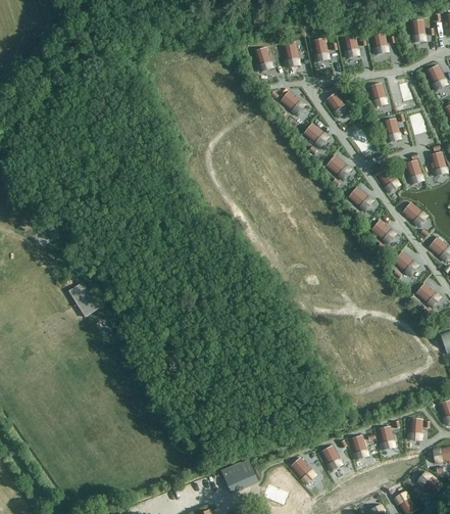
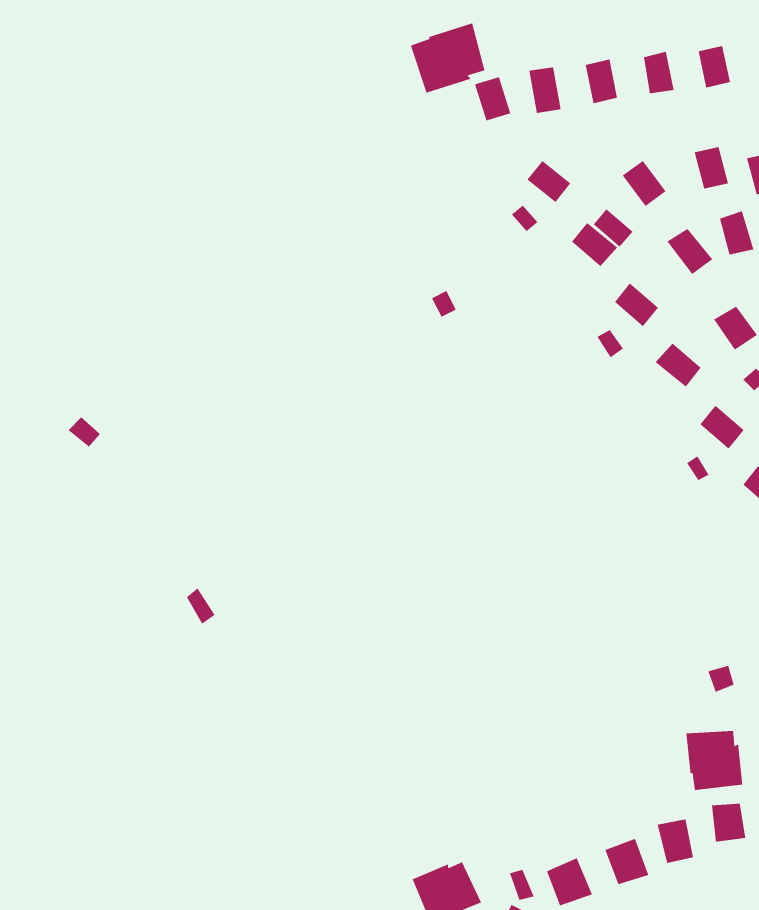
building: none -> [410,23,485,93]
building: [69,283,100,317] -> none
building: none -> [686,730,743,791]

